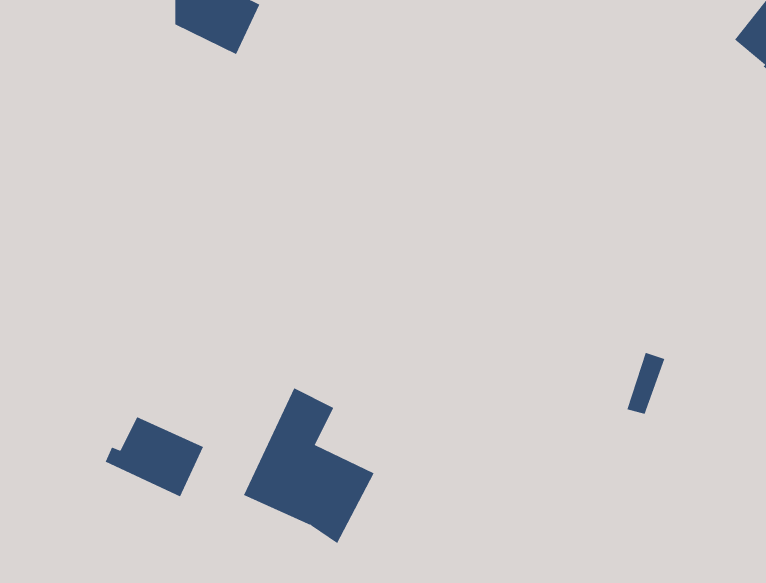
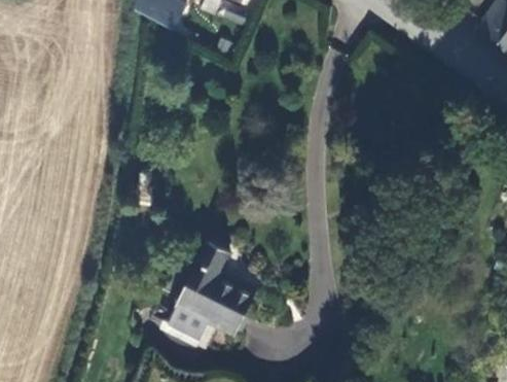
building: [105,416,204,497] -> [157,304,218,353]

